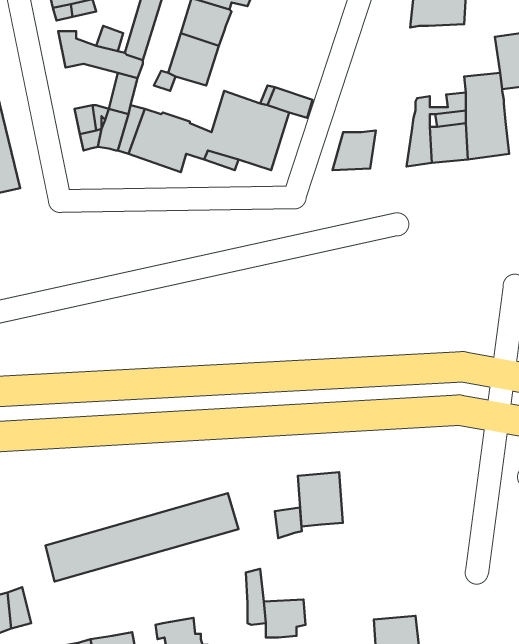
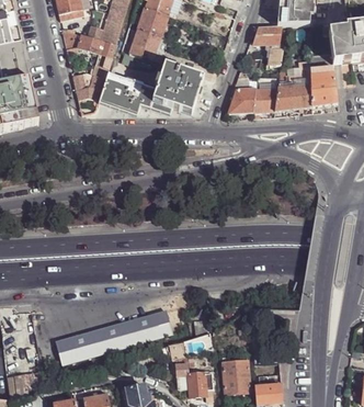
building: none -> [252,26,285,59]
building: none -> [252,90,277,113]
building: [298,472,343,526] -> [221,362,249,395]

